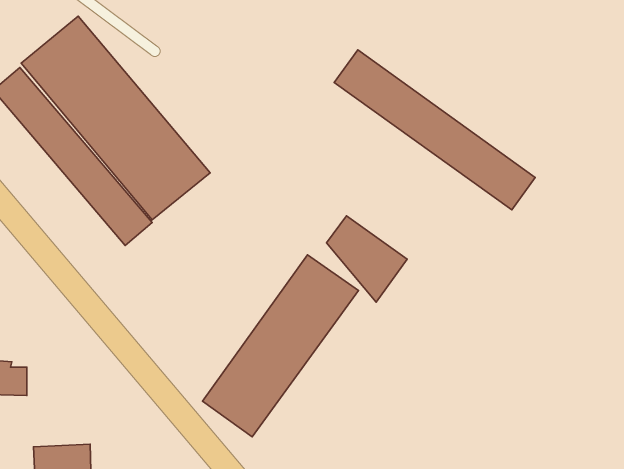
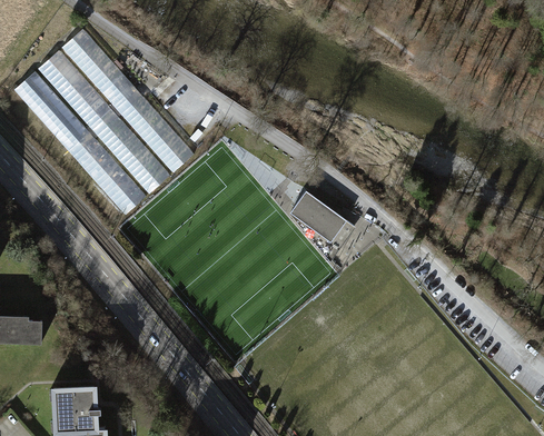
building: [334,50,535,210] -> none
building: [202,255,358,437] -> none

